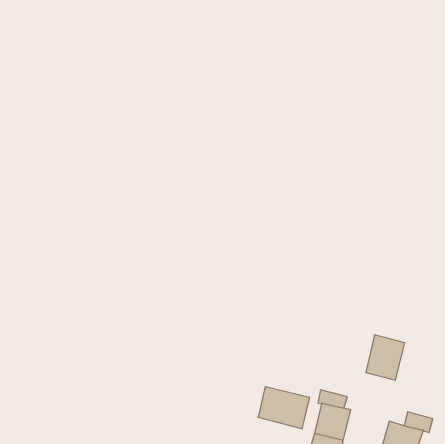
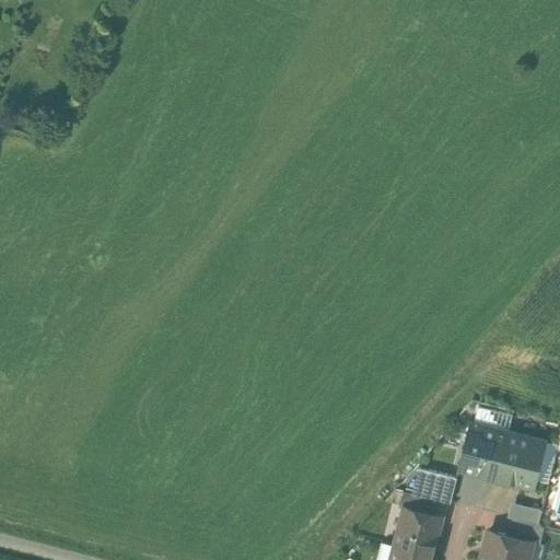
building: none -> [497,432,546,488]
building: none -> [413,466,458,499]
building: [258,387,310,429] -> none

